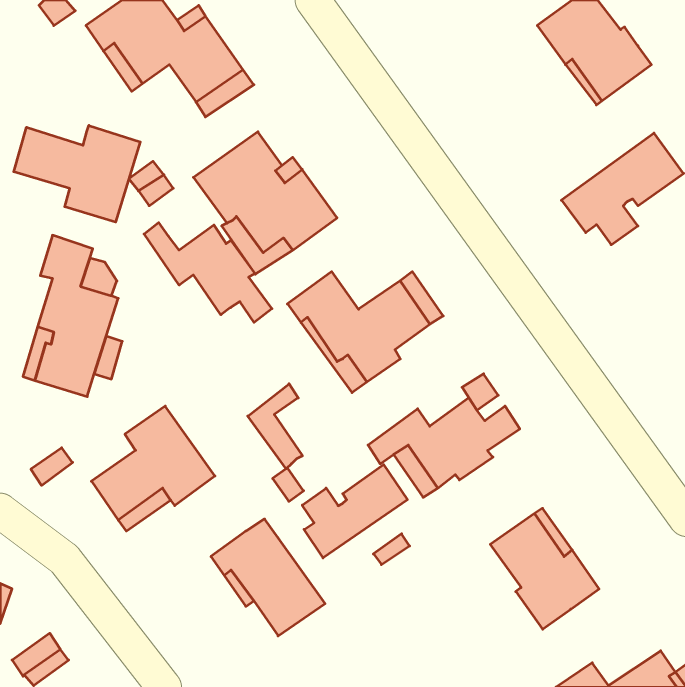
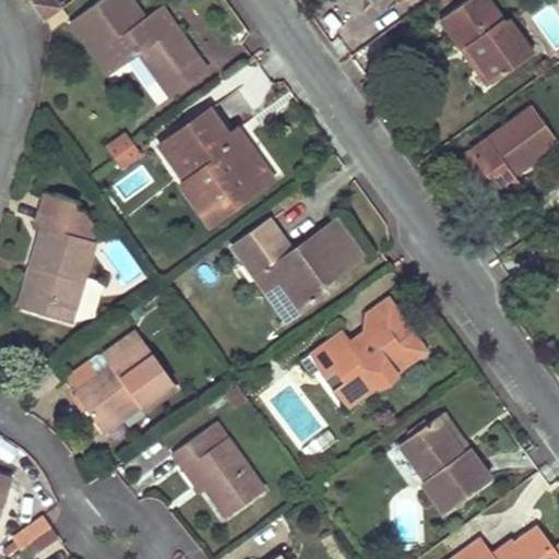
building: [14,125,140,222] -> none
building: [144,223,272,322] -> none
building: [248,384,302,469] -> none
building: [302,465,407,558] -> none

